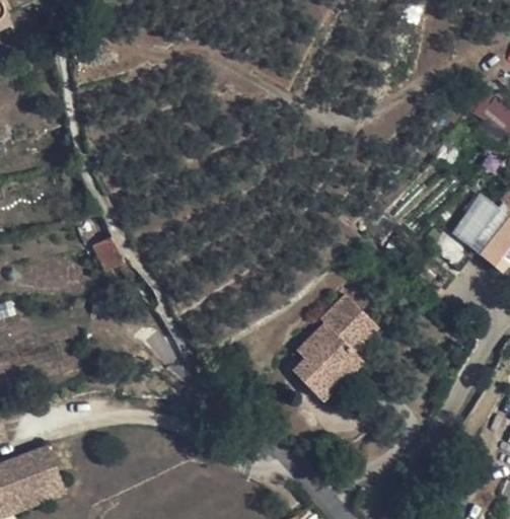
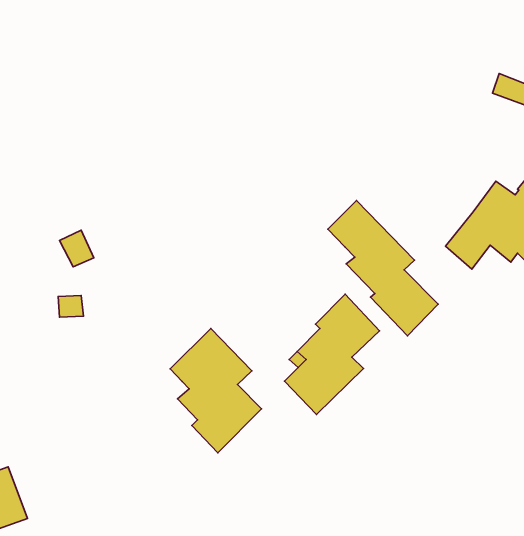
building: none -> [328,201,438,336]
building: none -> [170,329,262,453]

